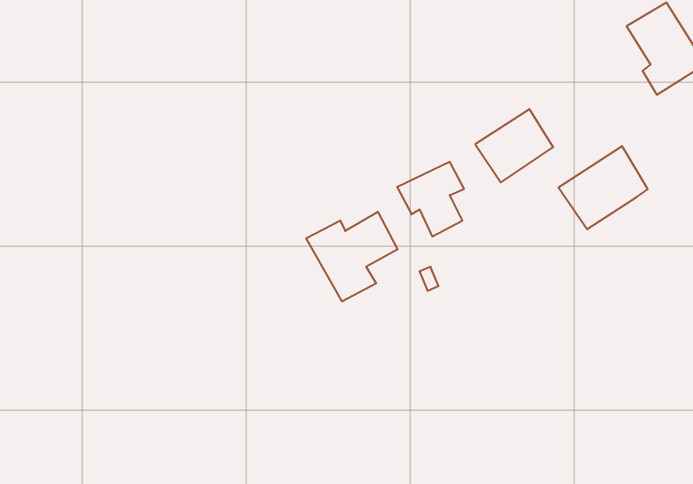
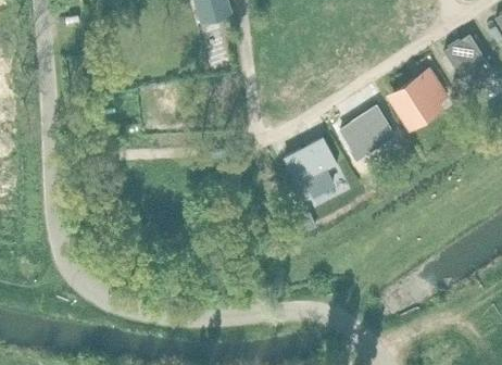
building: [558,146,648,229] -> [387,66,448,123]
building: [306,212,398,301] -> none

